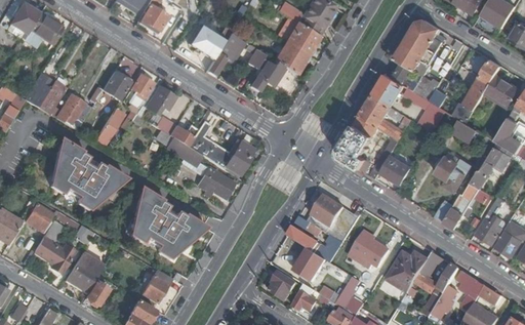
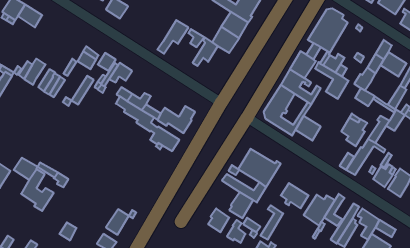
building: [188,16,238,60] -> none
building: [49,144,117,210] -> none
building: [129,192,196,257] -> none
building: [66,258,98,291] -> none

